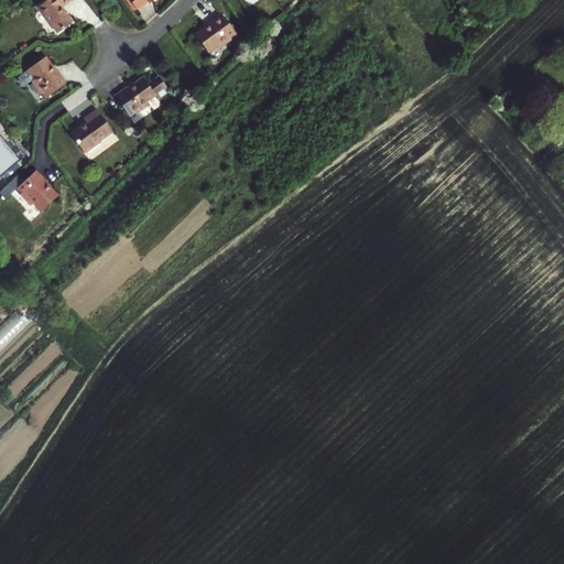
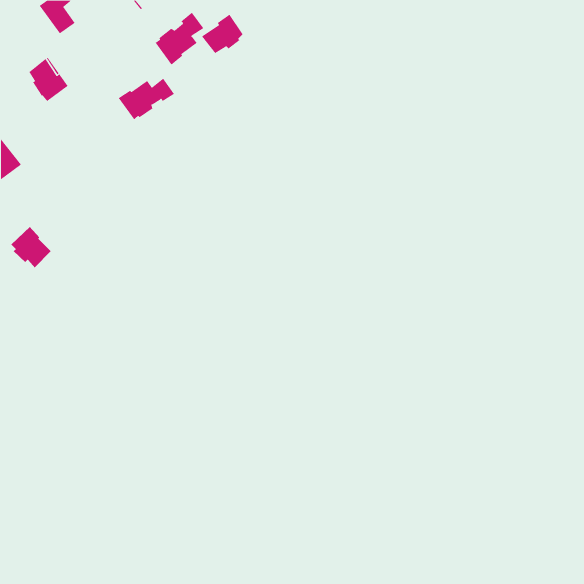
building: none -> [155,12,204,65]
building: [69,109,111,152] -> none
building: [17,171,56,212] -> [10,226,52,268]

